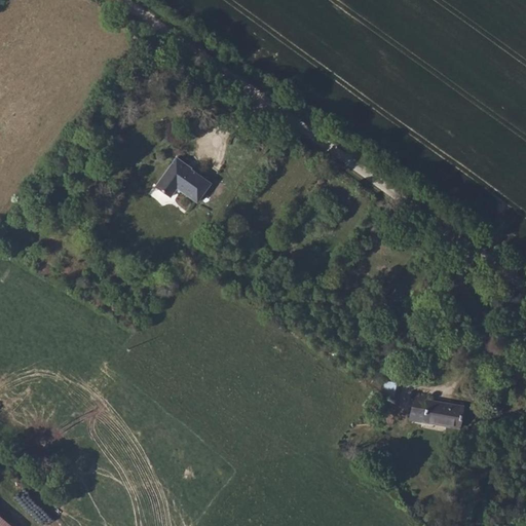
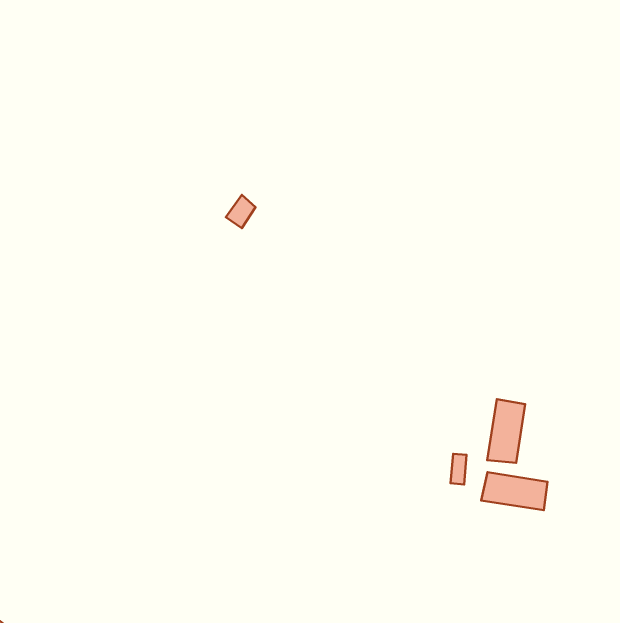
building: [162,149,202,188] -> none
building: none -> [487,399,525,463]

